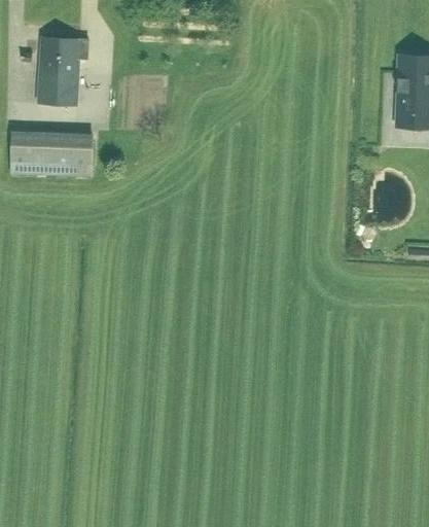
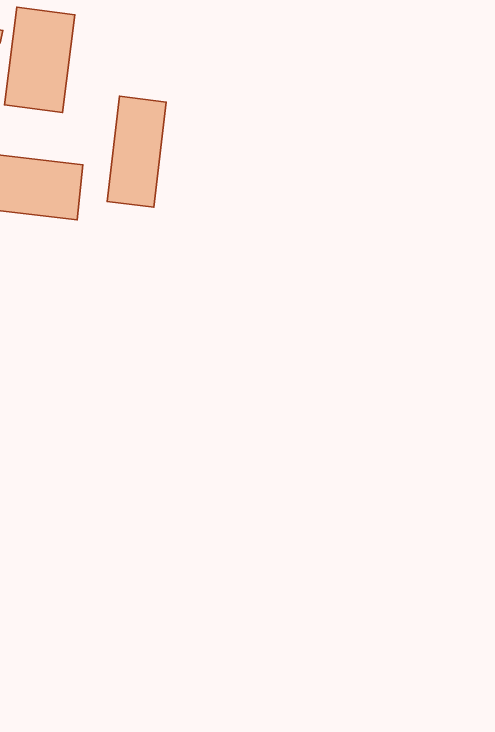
building: none -> [107,96,166,207]

